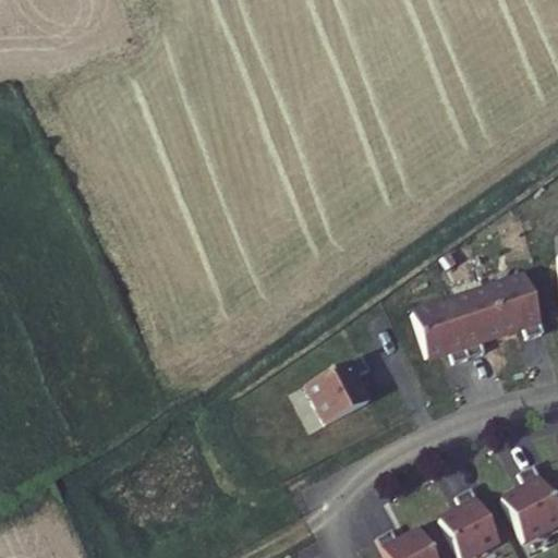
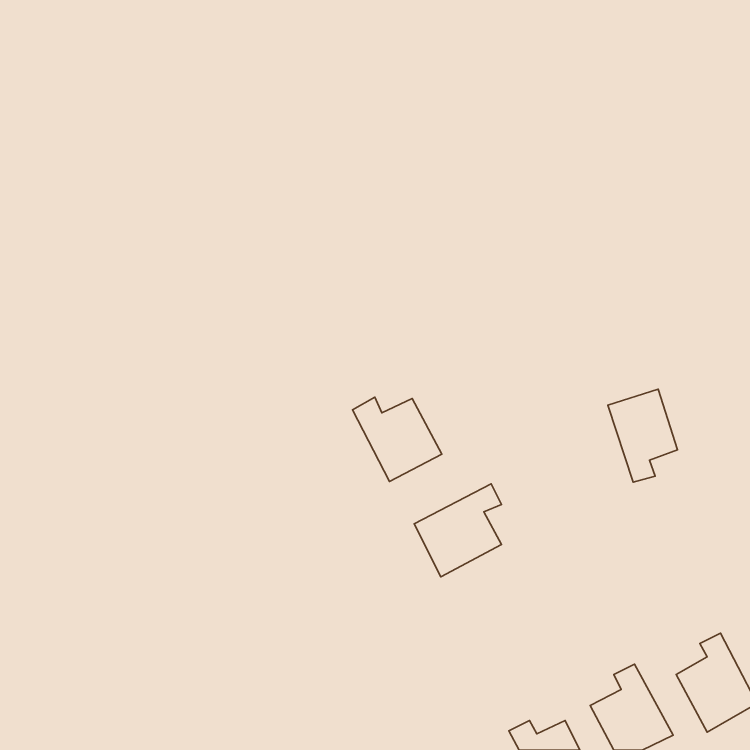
building: [489,275,546,336] -> none
building: none -> [353,397,442,481]
building: [414,299,471,361] -> none

